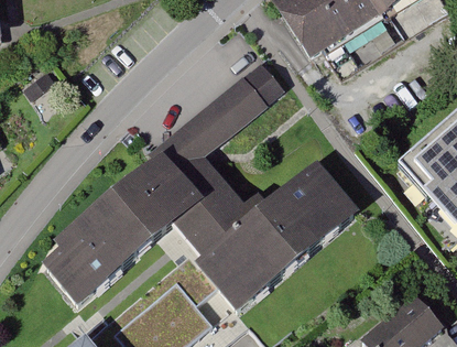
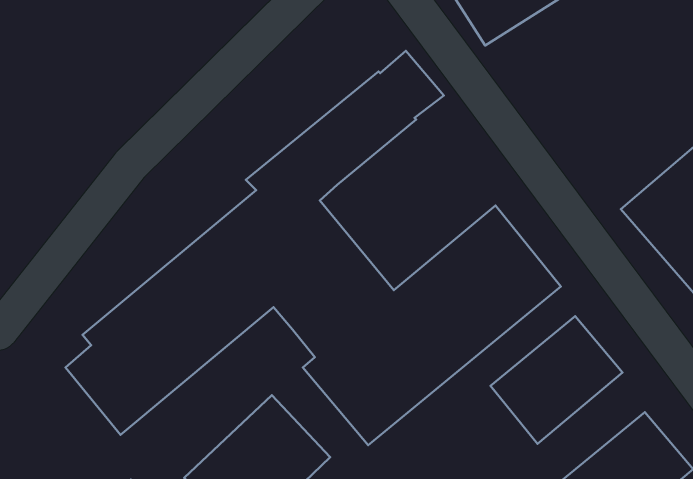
building: none -> [490,316,622,444]

